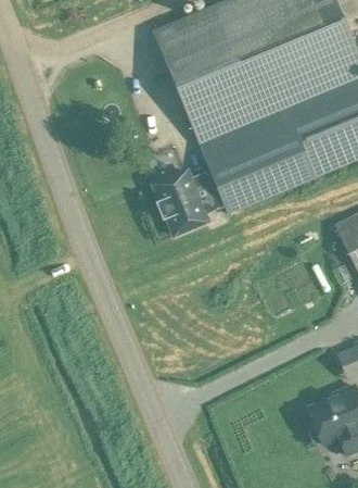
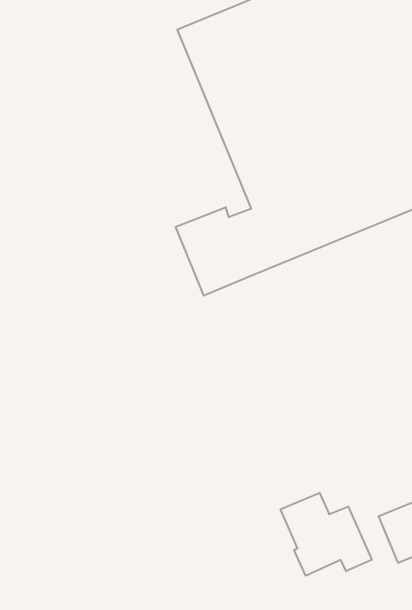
building: none -> [281,493,372,576]

